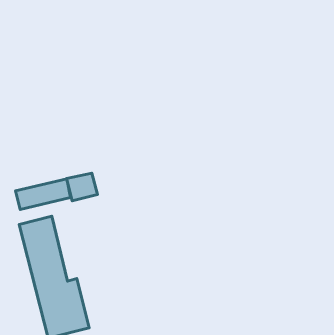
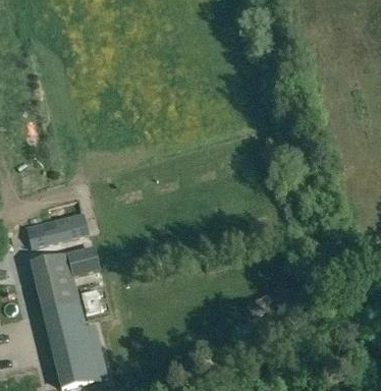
building: [67,173,97,201] -> [66,245,100,276]

